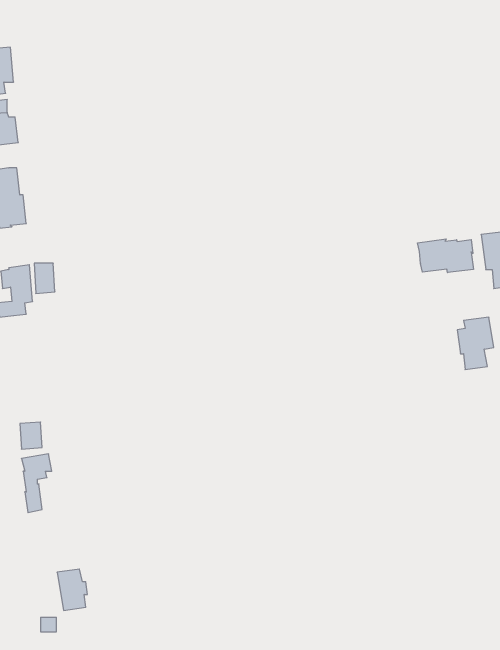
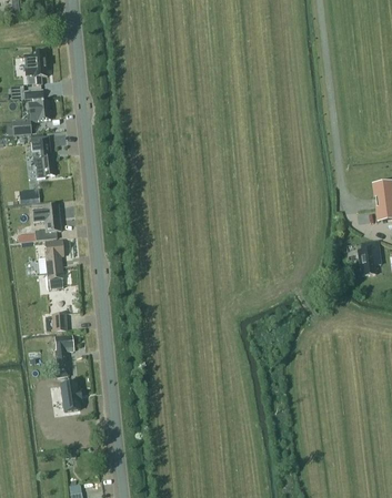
building: [418,239,473,273] -> none
building: none -> [44,240,62,280]
building: [57,569,87,610] -> [60,382,81,410]

